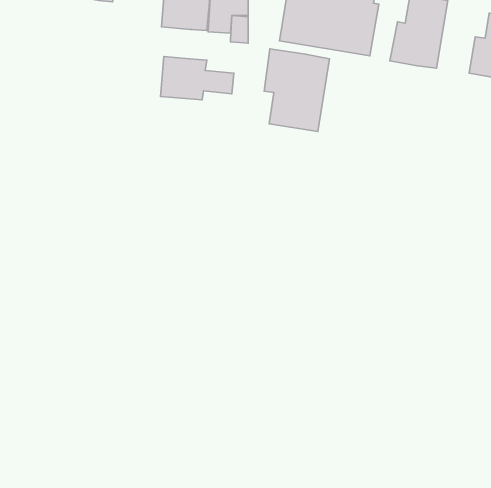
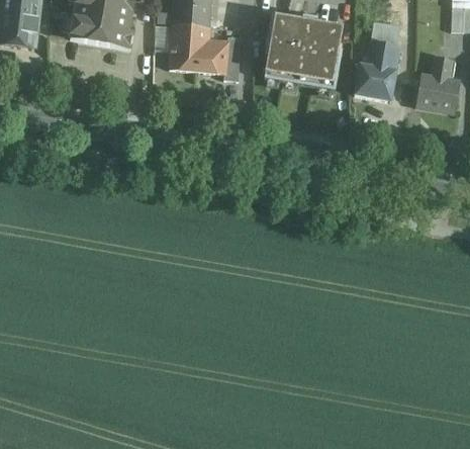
building: [264,49,330,132] -> none
building: [160,57,234,100] -> none

